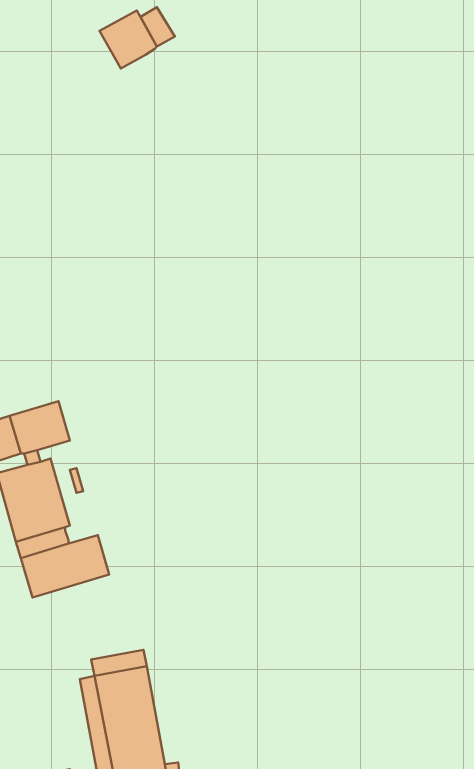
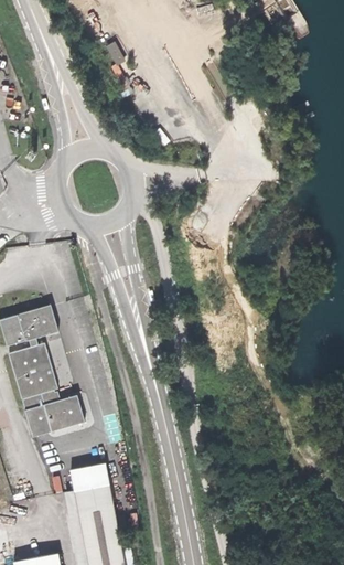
building: [100,10,157,68] -> none

